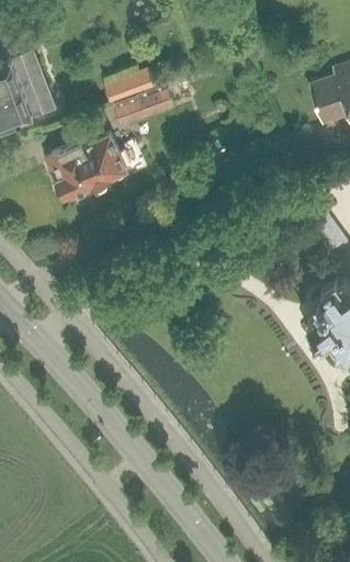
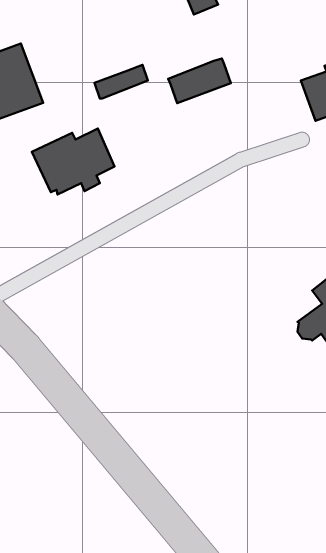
building: [113,85,174,128] -> [168,59,231,103]

